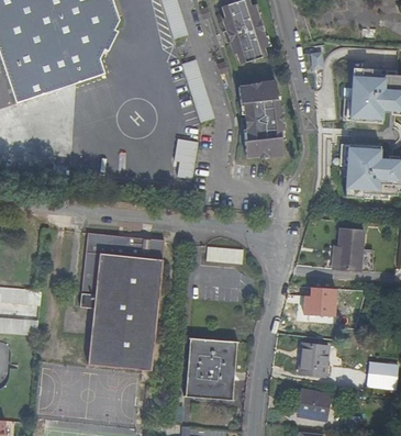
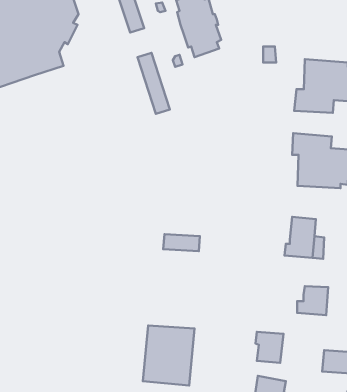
building: [237,80,283,158] -> none
building: [176,141,197,179] -> none
building: [87,234,168,370] -> none
building: [303,286,335,315] -> [297,286,328,315]

